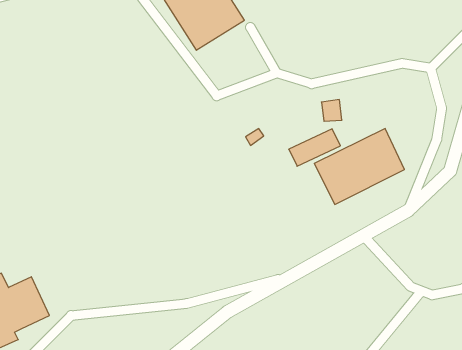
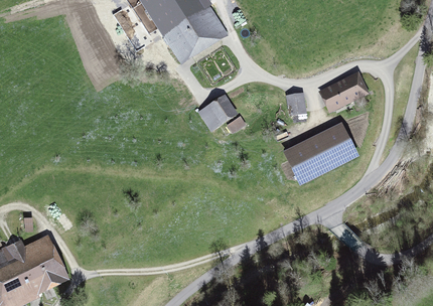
building: none -> [202,98,235,128]
building: [289,129,340,166] -> [323,76,367,108]

